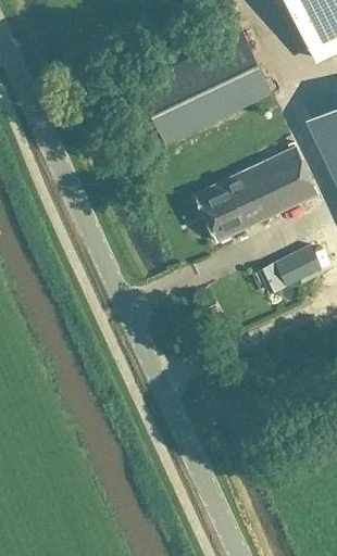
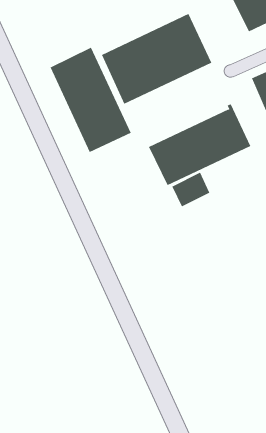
building: none -> [50,47,132,153]
building: [273,247,320,289] -> [171,172,210,207]

